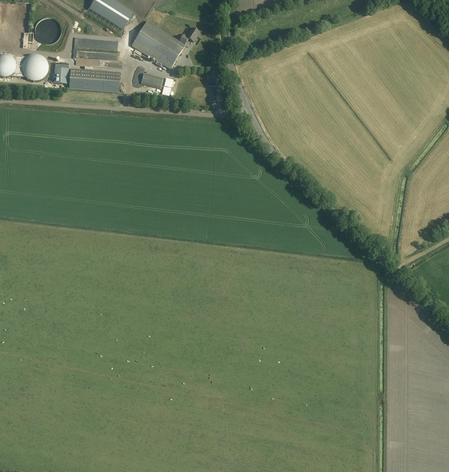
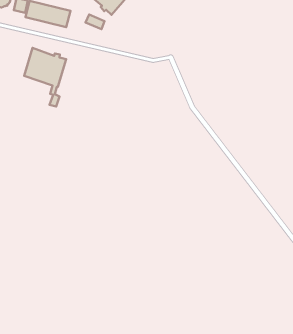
building: none -> [24,48,66,106]

